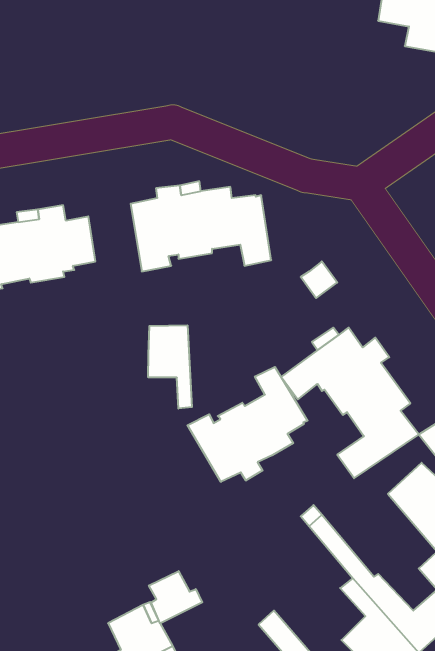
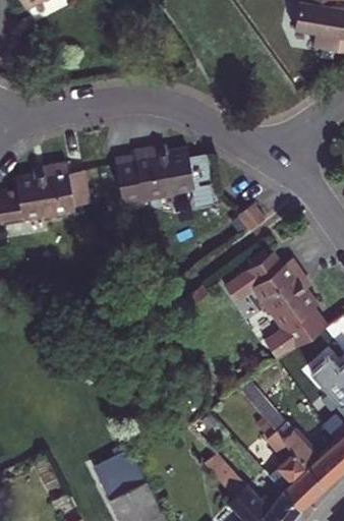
building: [148,325,192,409] -> none
building: [187,367,308,482] -> none
building: [149,571,202,623] -> none

